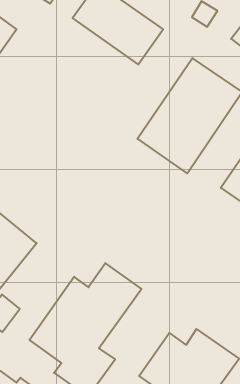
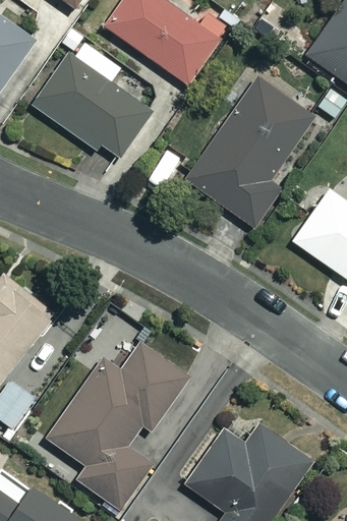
building: none -> [32,39,149,162]

